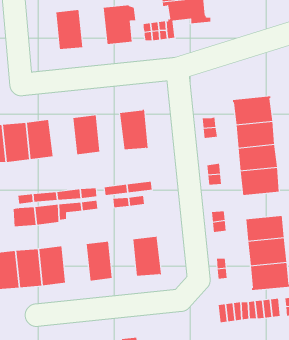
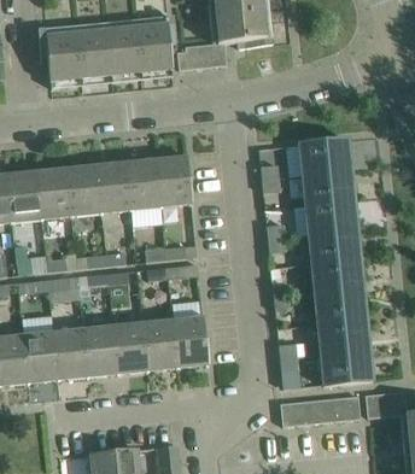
building: none -> [105,25,140,76]
building: none -> [40,31,80,82]
building: none -> [127,159,162,209]
building: none -> [66,165,101,215]
building: none -> [312,259,363,294]
building: none -> [142,320,177,369]
building: none -> [83,326,118,375]

